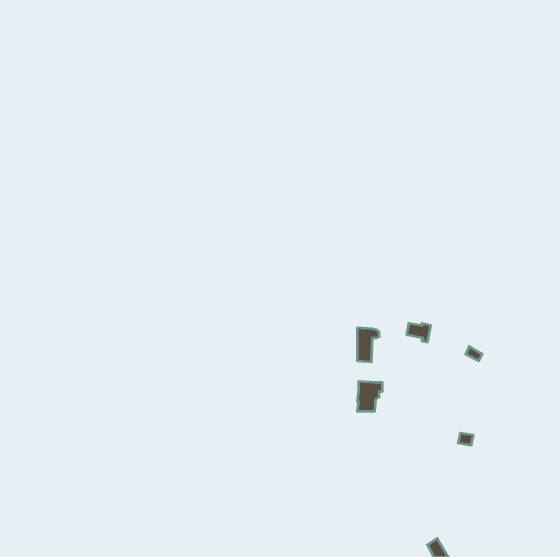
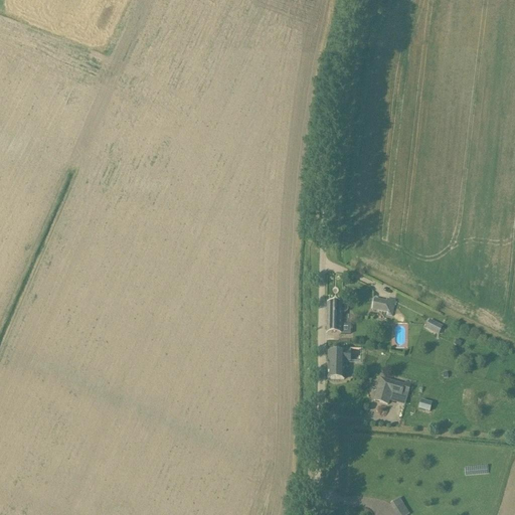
building: none -> [375,376,405,402]

